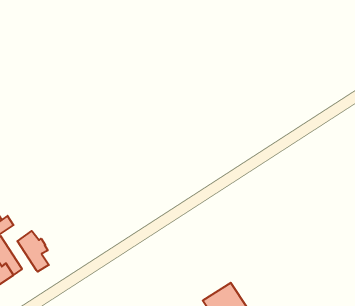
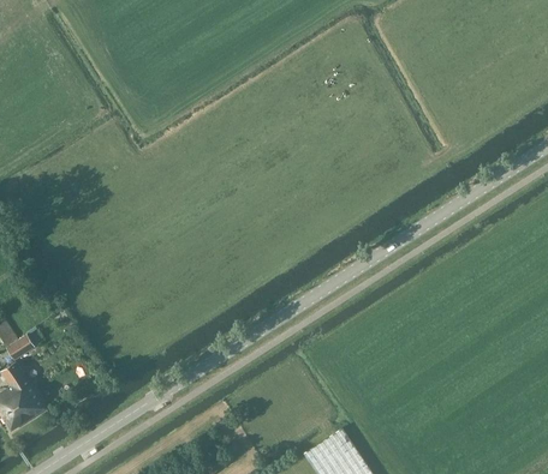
building: [17,231,49,272] -> none

